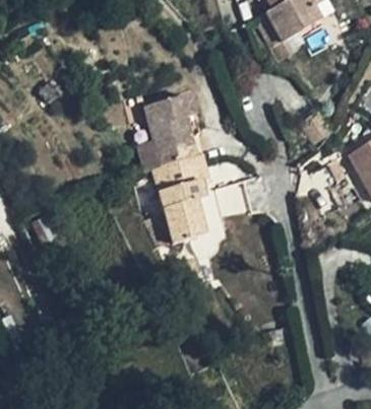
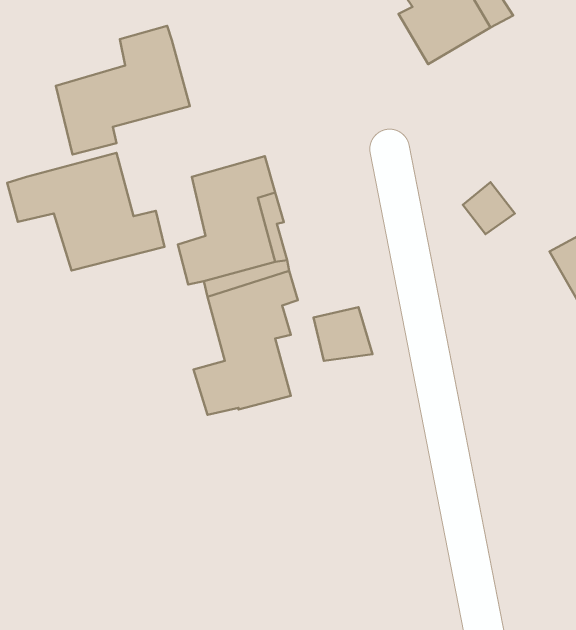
building: none -> [56,26,190,154]
building: none -> [7,153,165,271]

